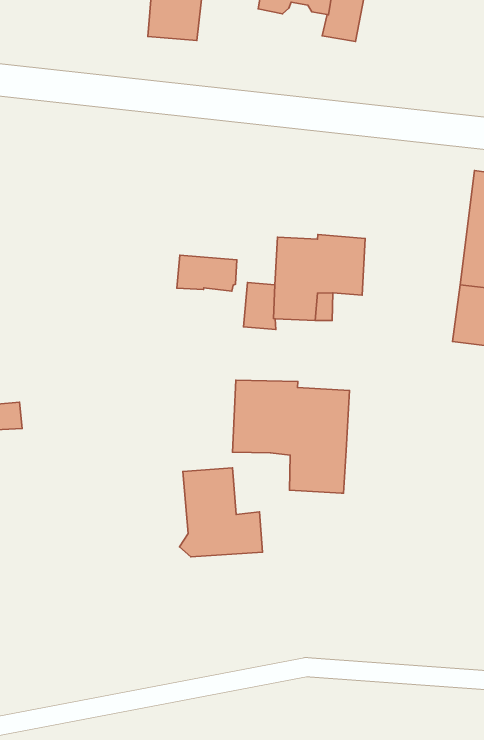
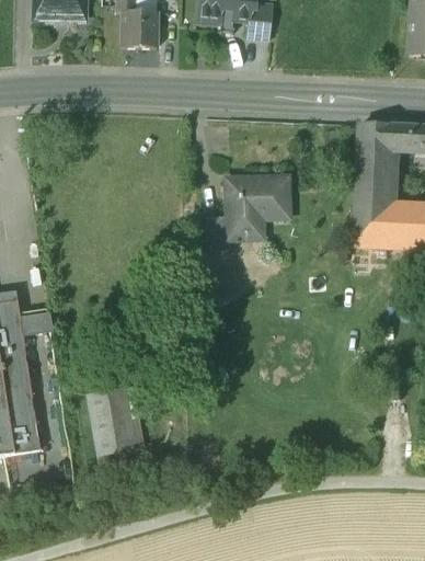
building: [177,255,237,291] -> none
building: [232,380,349,493] -> none
building: [179,468,262,557] -> [88,388,149,454]

